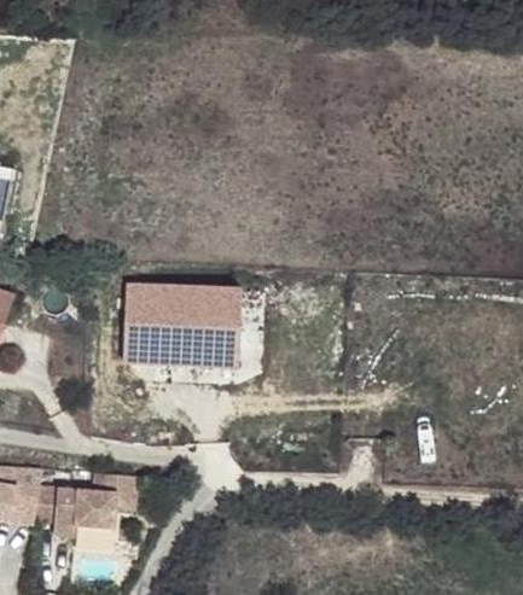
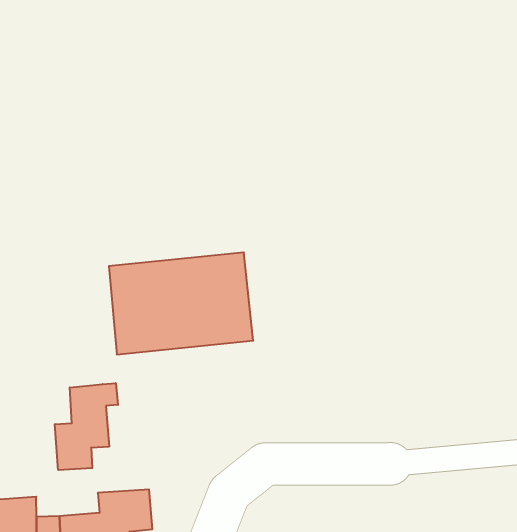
building: none -> [55,383,118,470]

